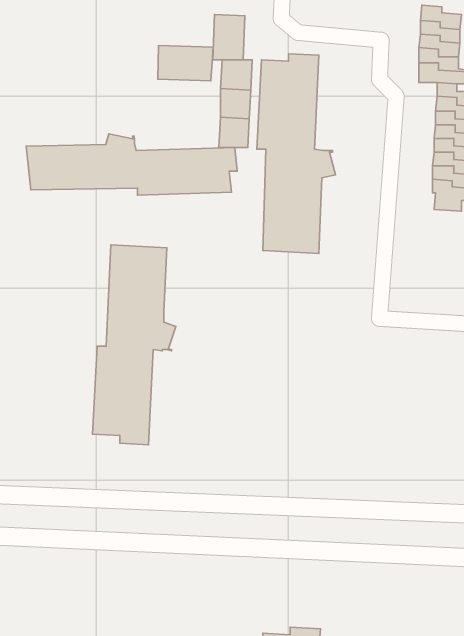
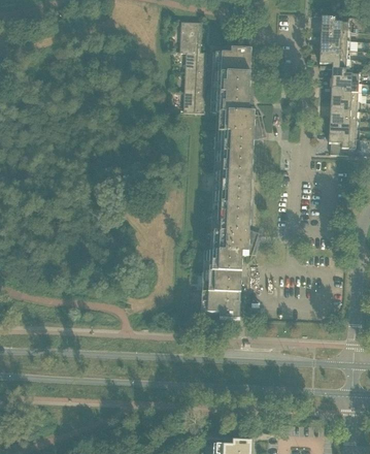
building: [158,45,213,81] -> none
building: [26,134,237,195] -> none
building: [93,245,176,445] -> [202,181,259,317]

